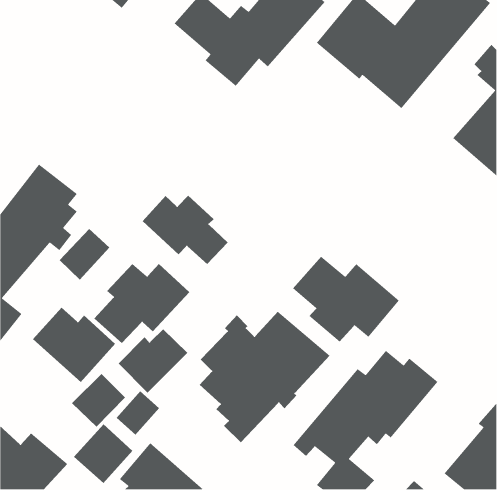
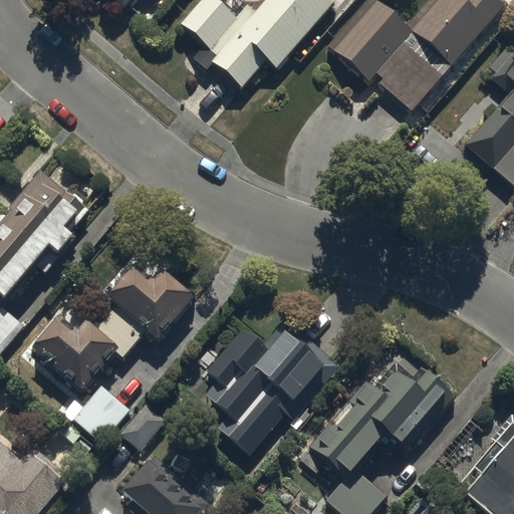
building: [142,195,229,265] -> none
building: [59,228,110,280] -> none
building: [292,256,400,343] -> none
building: [118,328,188,393] -> none
building: [73,424,133,484] -> none

